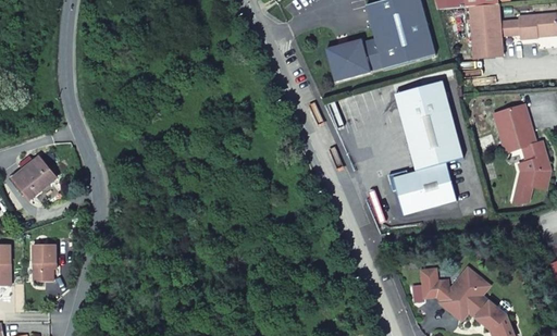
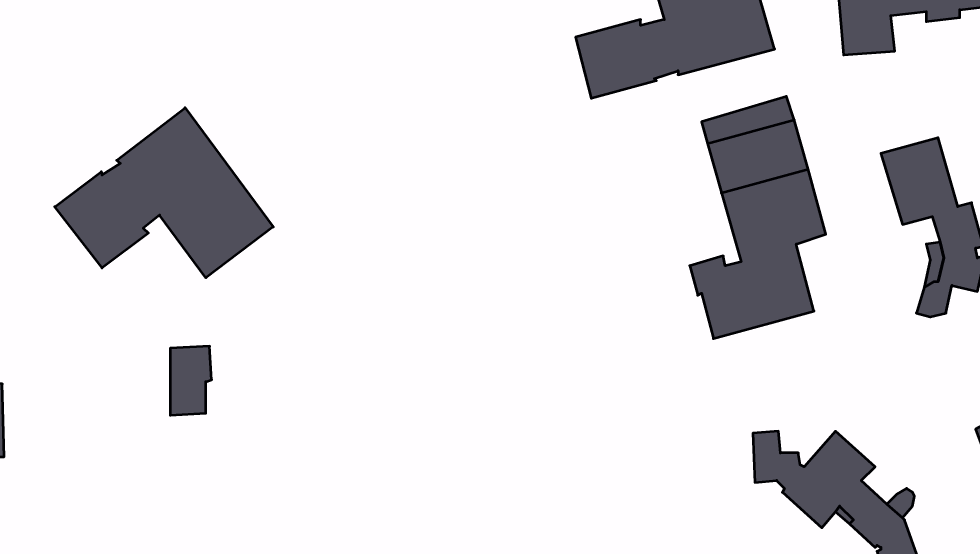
building: none -> [55,108,273,278]
building: [17,158,58,201] -> none
building: [32,239,54,277] -> [170,346,212,415]

